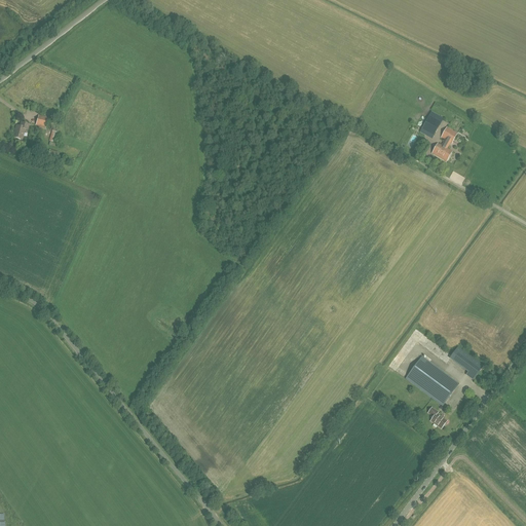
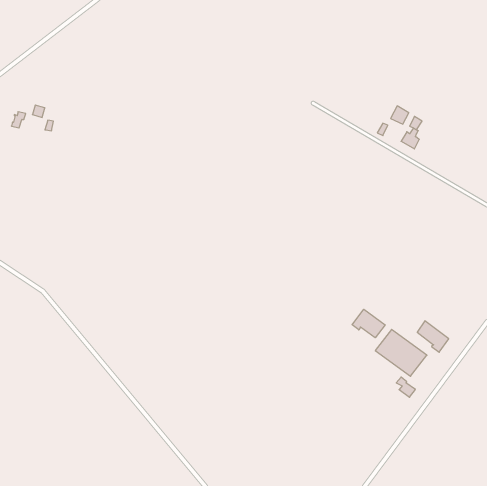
building: none -> [352,309,385,338]

